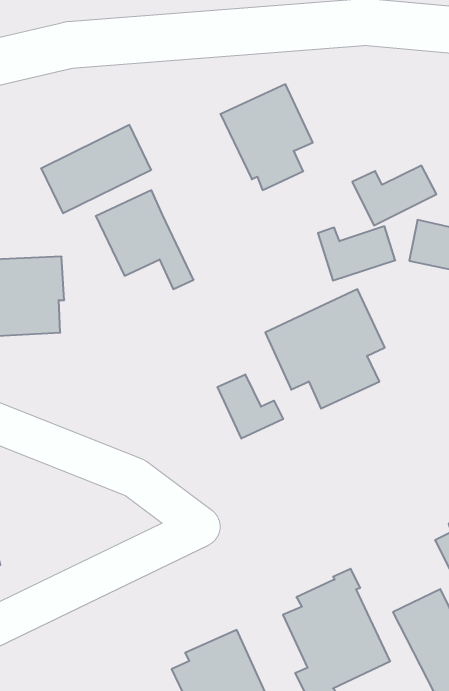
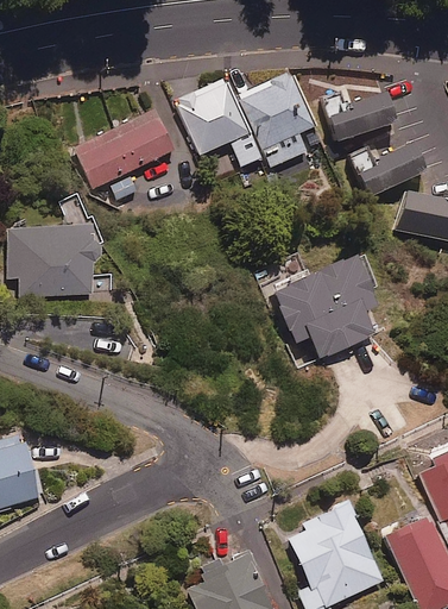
building: [96,190,194,289] -> [176,80,261,167]
building: [318,226,395,281] -> [326,94,393,142]
building: [217,374,283,439] -> none

